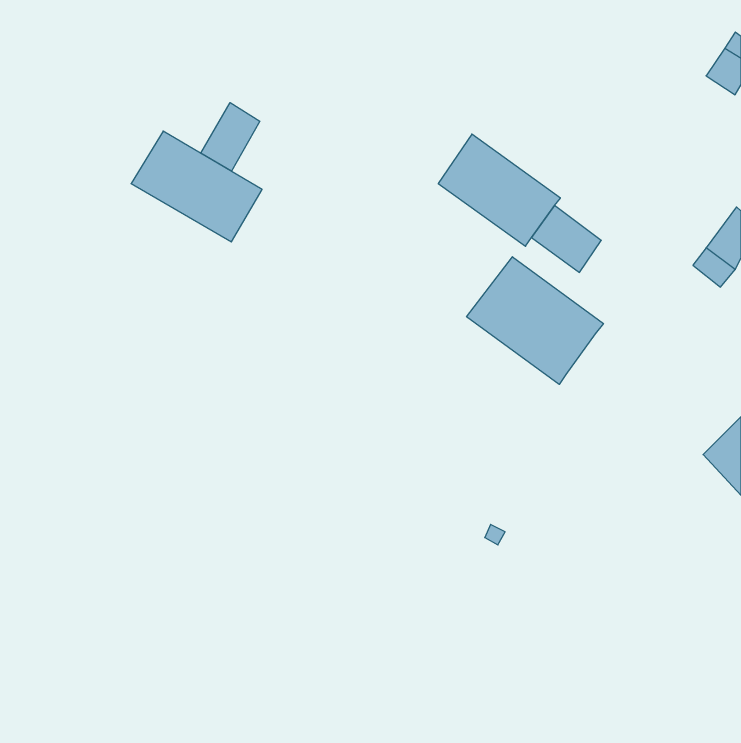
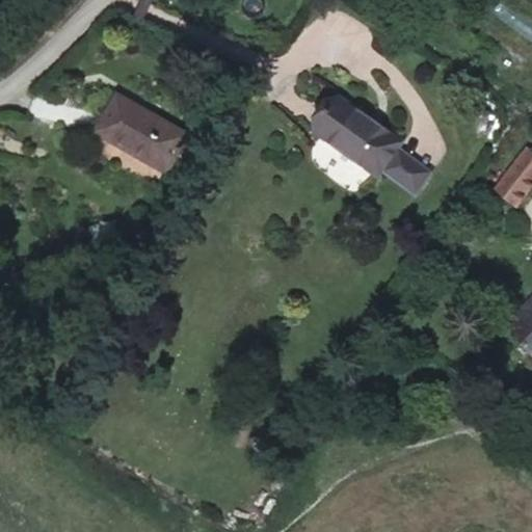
building: [201,103,260,171] -> none
building: [467,257,603,384] -> none

